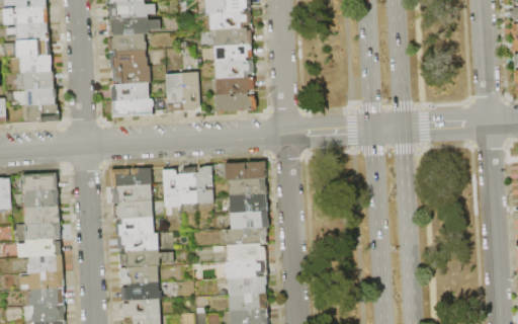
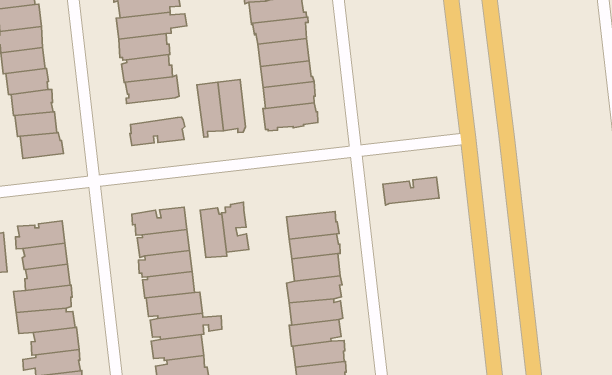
building: [108,83,149,101] -> none
building: [224,161,266,180] -> [383,177,439,205]
building: [195,165,213,202] -> none

